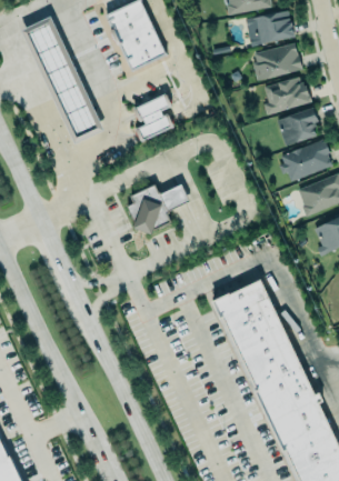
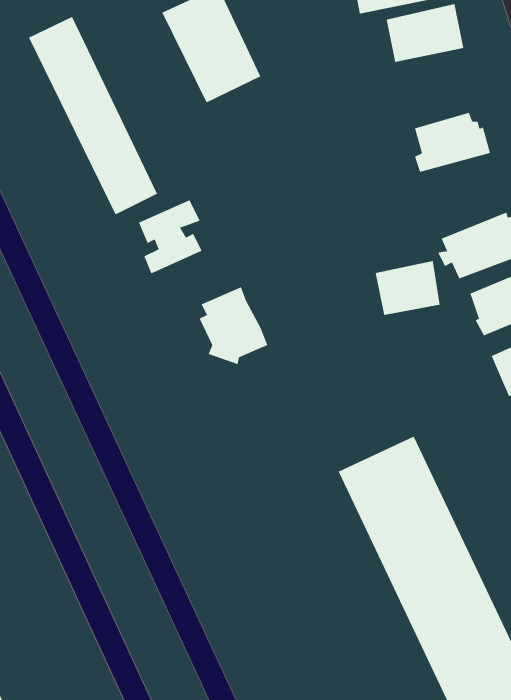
building: [249,42,301,81] -> none
building: [133,93,173,140] -> [138,199,202,274]
building: [277,110,318,144] -> [375,260,441,316]
building: [158,183,189,211] -> none

